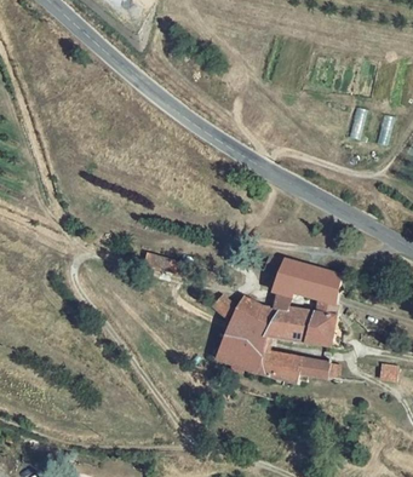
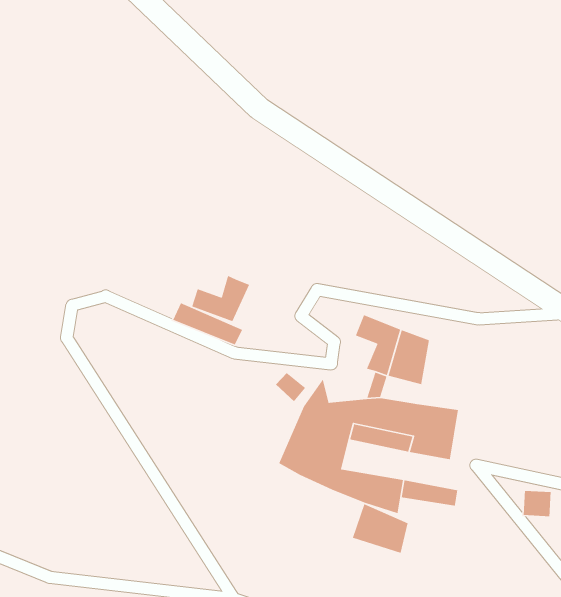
building: none -> [191,275,250,322]
building: [306,268,339,312] -> none
building: none -> [352,503,409,554]

